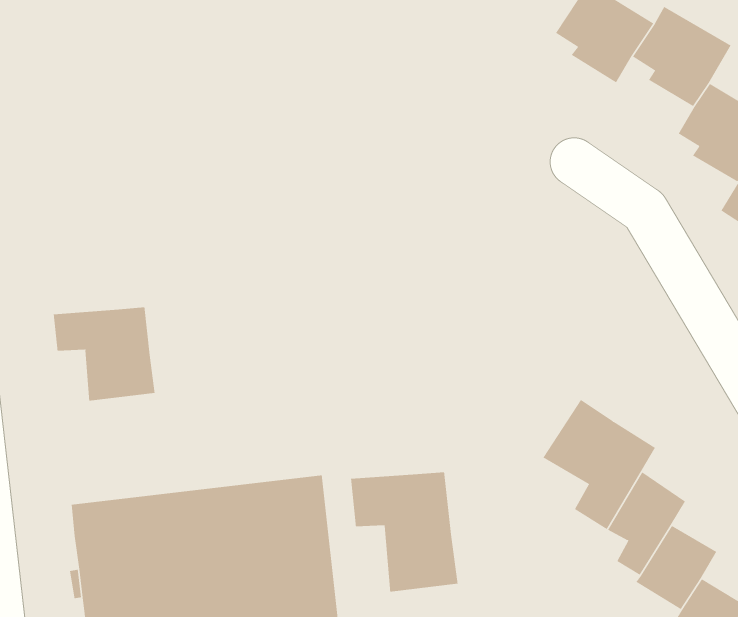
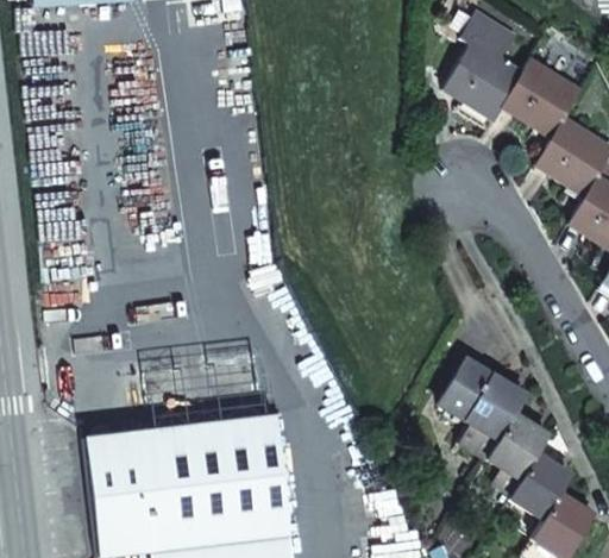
building: [53,306,155,401] -> none
building: [350,471,458,592] -> none

